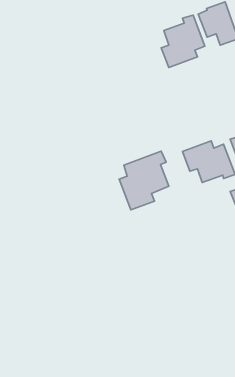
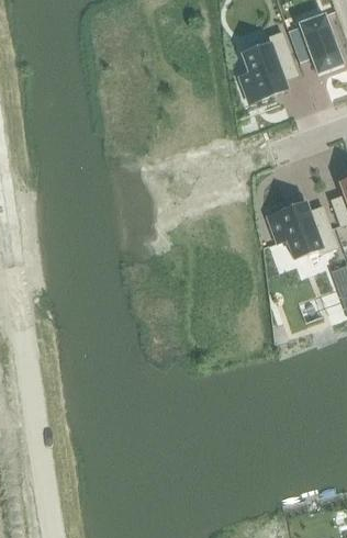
building: [119,151,169,210] -> none

